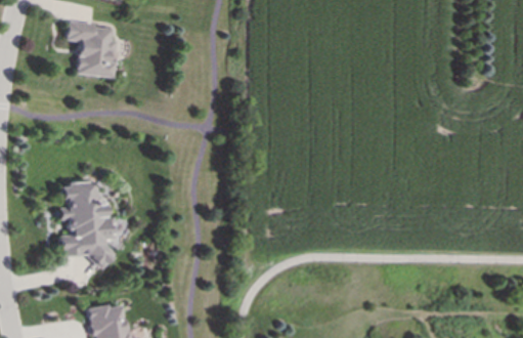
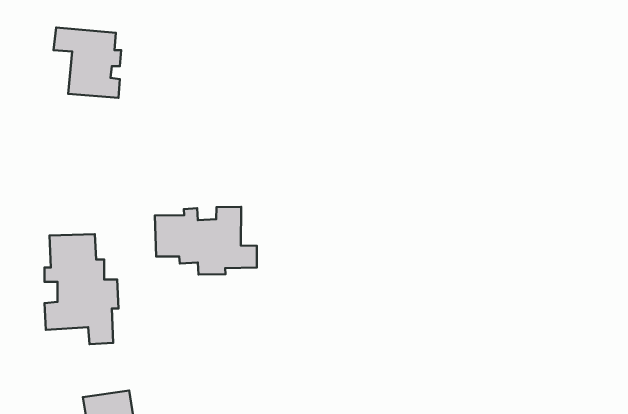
building: none -> [155,207,257,275]

